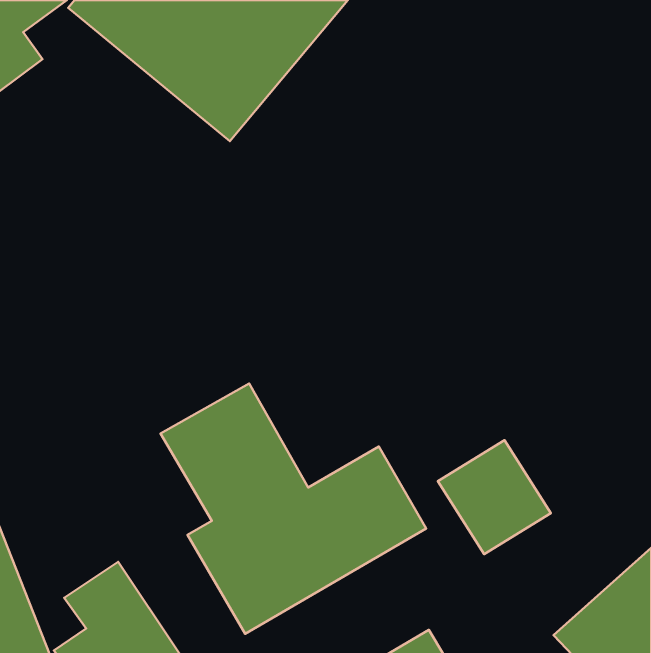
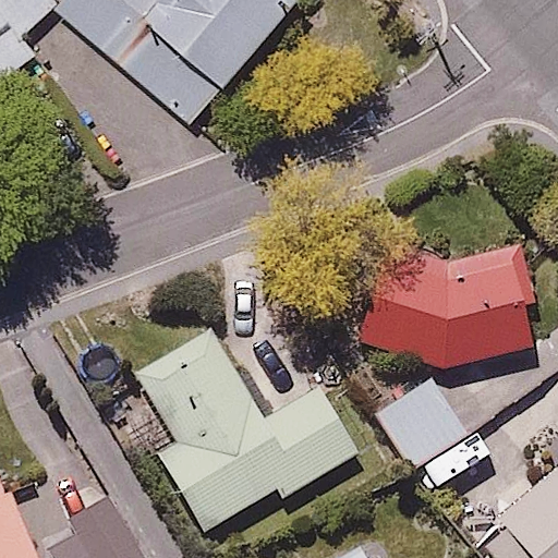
building: none -> [350,240,535,369]

